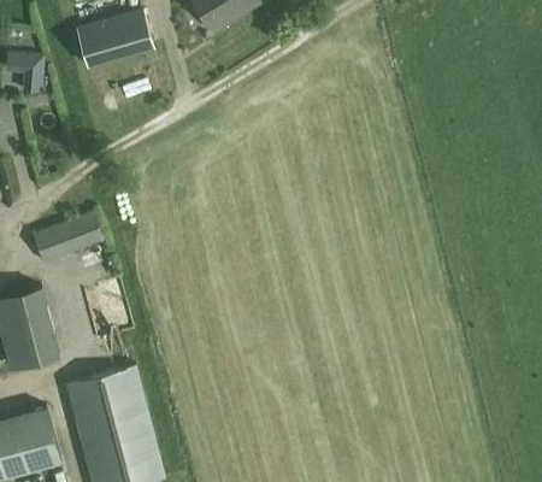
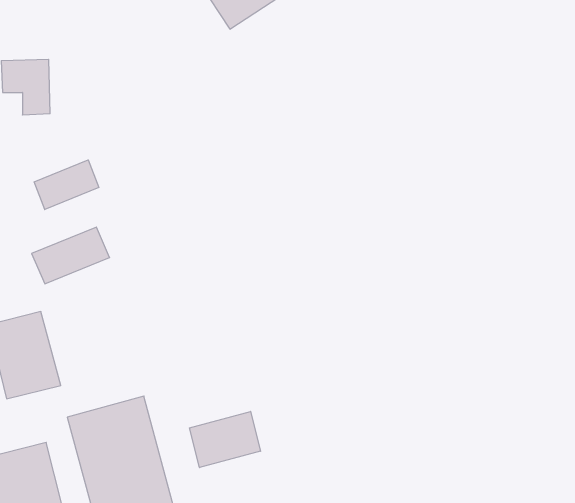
building: [77,10,153,66] -> none
building: none -> [34,160,99,210]
building: none -> [190,411,261,468]

